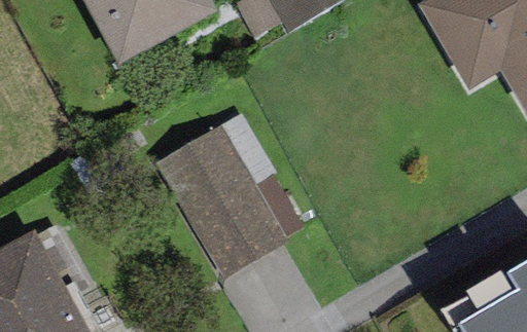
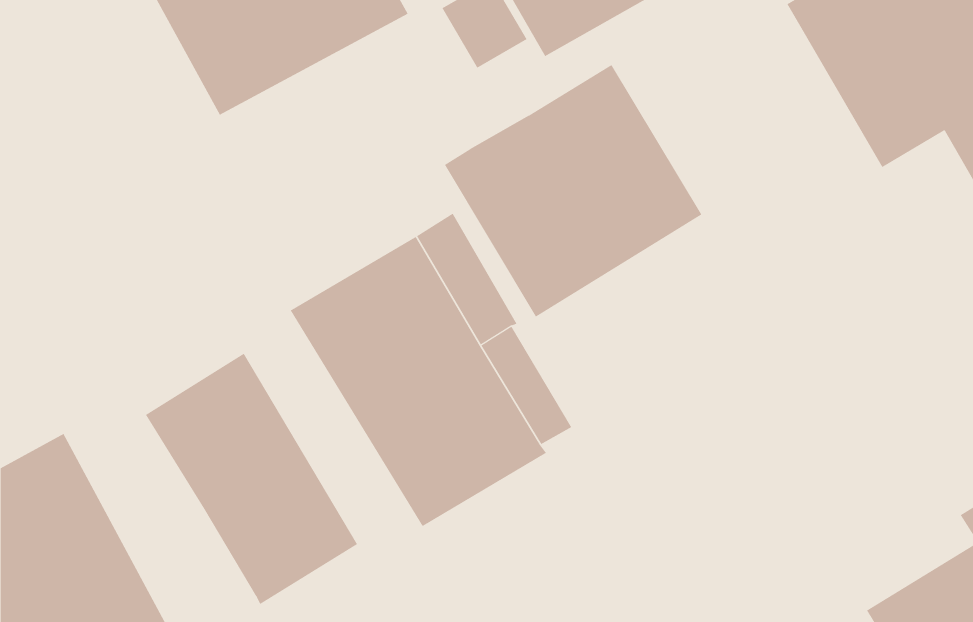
building: none -> [444,64,702,318]
building: none -> [145,353,358,605]

